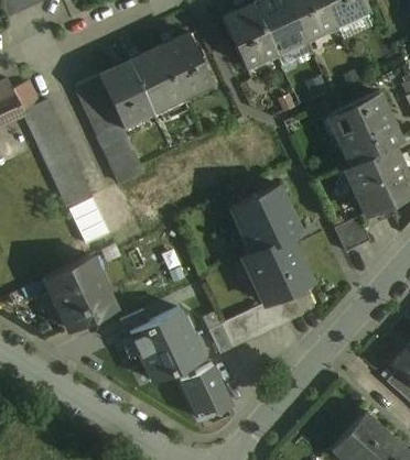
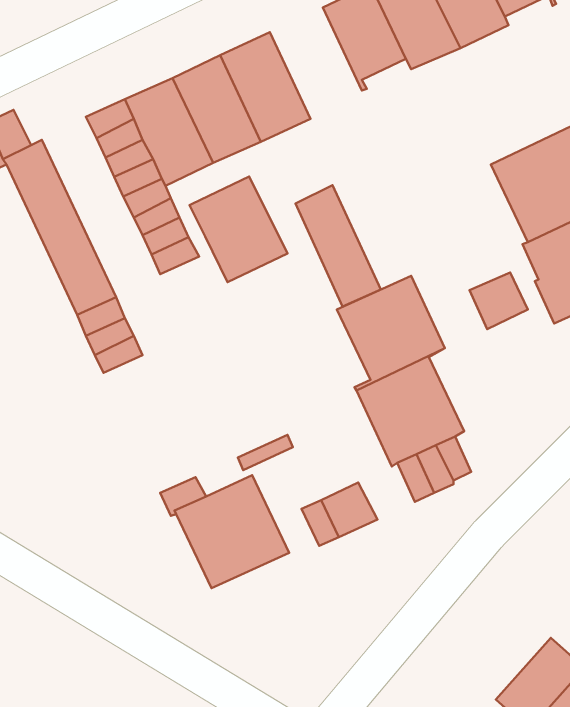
building: none -> [189,176,288,282]
building: none -> [295,185,381,307]
building: [333,216,369,251] -> [469,273,528,329]
building: [44,255,115,329] -> none
building: [244,300,279,336] -> none
building: [180,363,231,412] -> none

